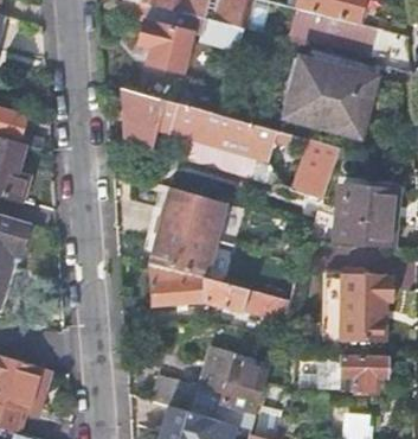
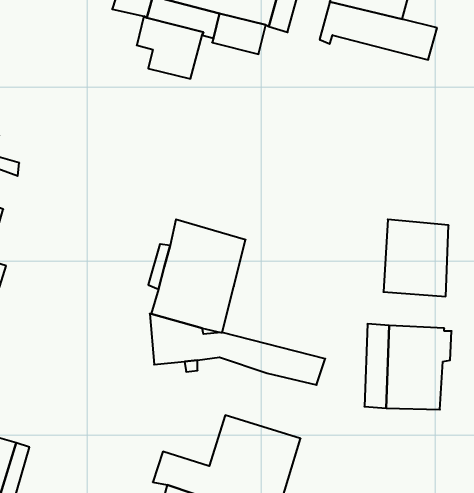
building: [287,59,375,135] -> none
building: [121,87,339,199] -> none
building: [352,356,398,390] -> none

